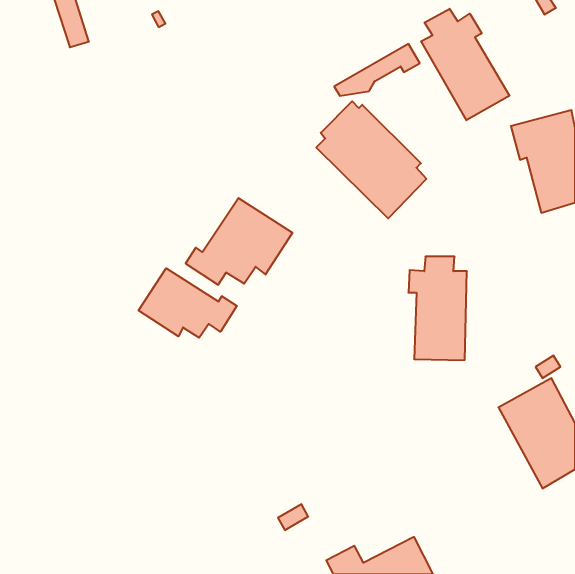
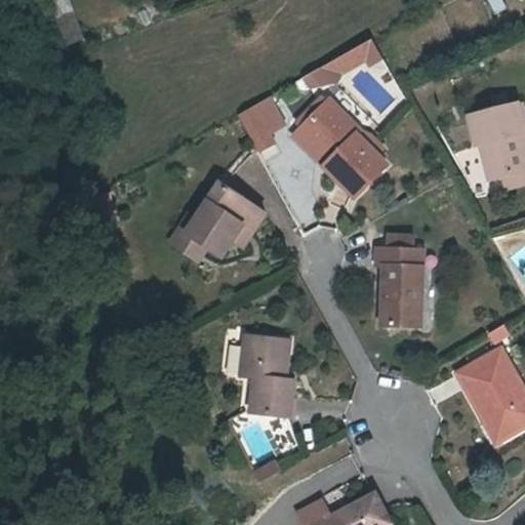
building: [421,9,509,120] -> none
building: none -> [240,98,286,151]
building: [139,268,237,338] -> none
building: none -> [228,333,295,416]

